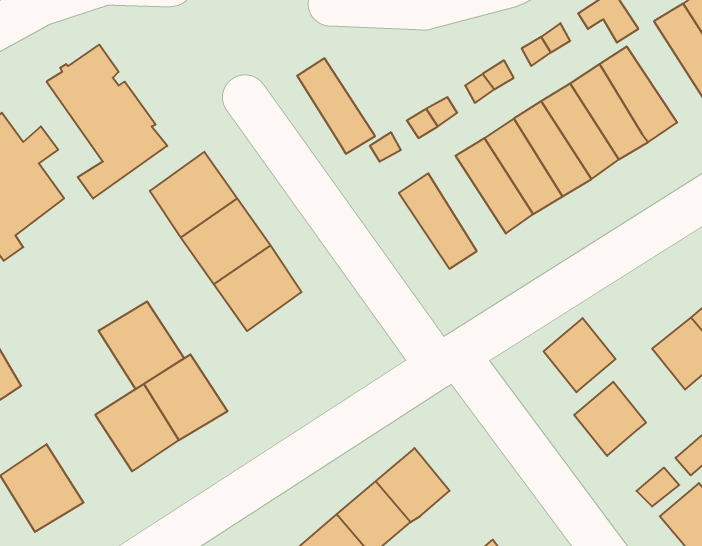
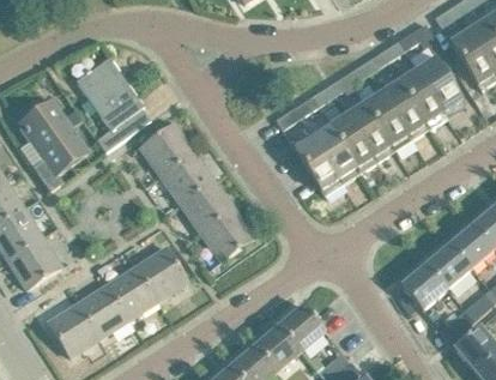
building: [297,58,375,154] -> [311,125,359,183]
building: none -> [200,209,254,260]
building: [98,301,184,389] -> [77,284,129,338]
building: [544,318,616,392] -> [425,243,470,289]

